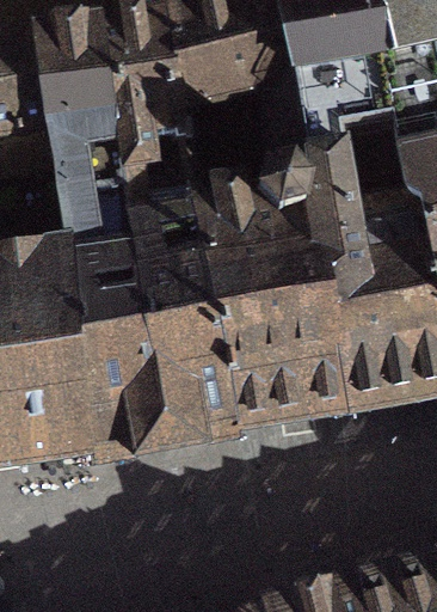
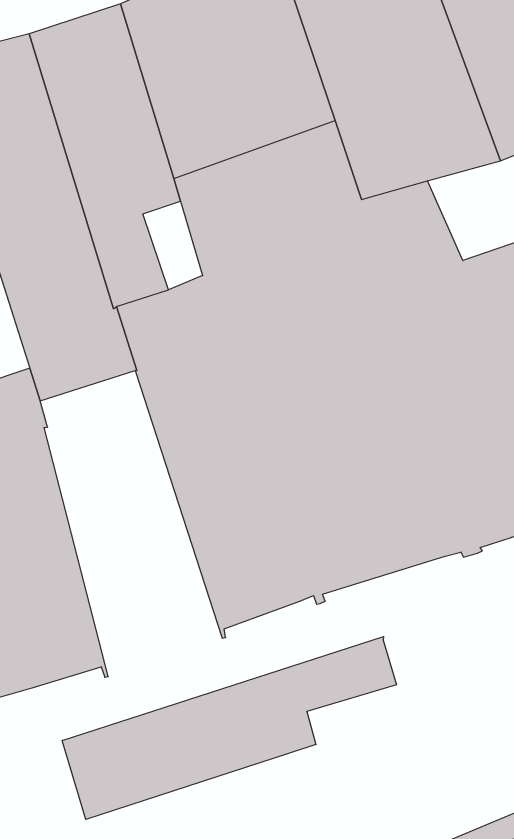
building: [70,258,167,458] -> none
building: none -> [62,637,397,819]

